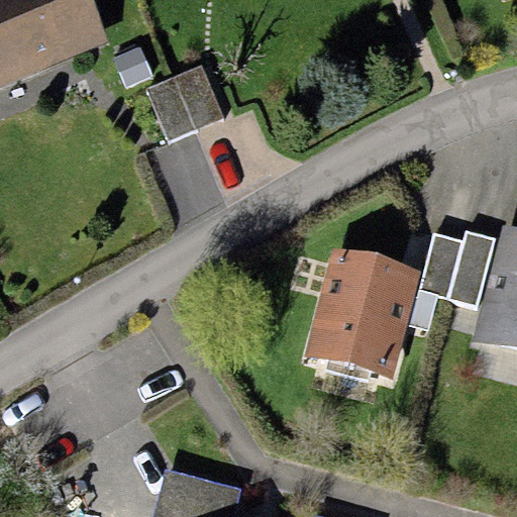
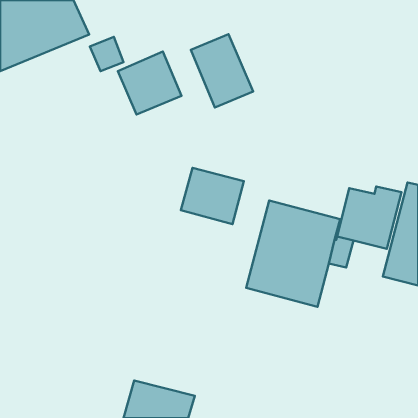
building: none -> [191,34,253,108]
building: none -> [181,168,244,224]

